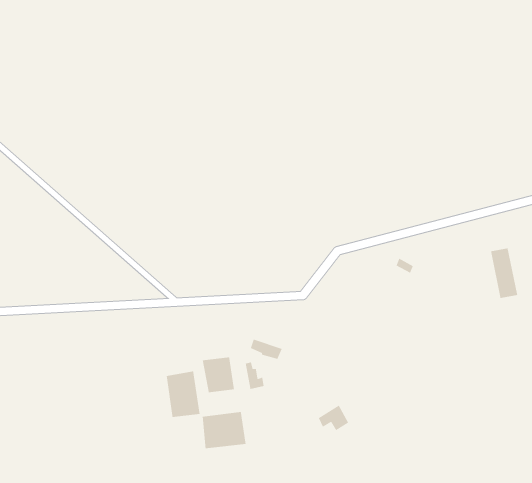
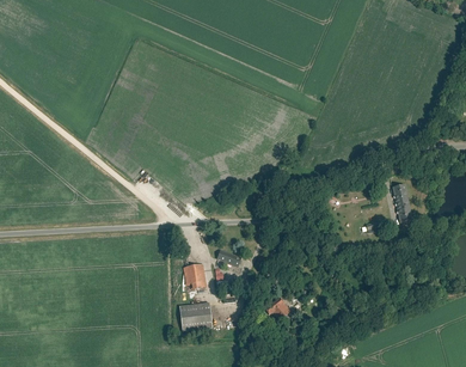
building: [166,371,200,418] -> none

